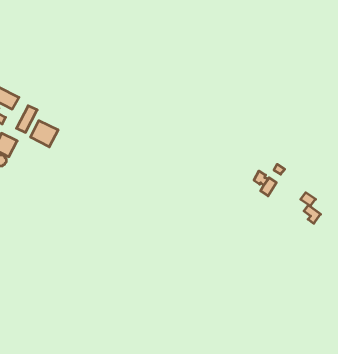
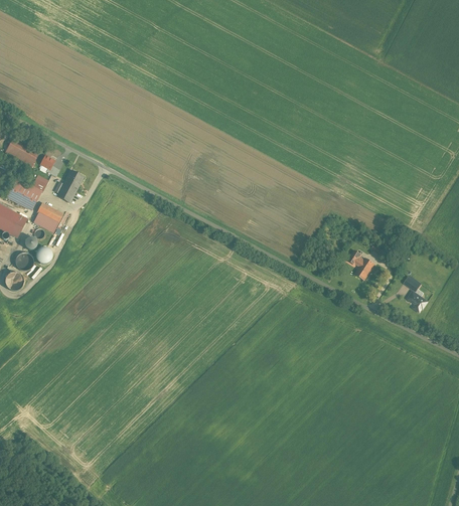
building: [31,121,58,147] -> none

